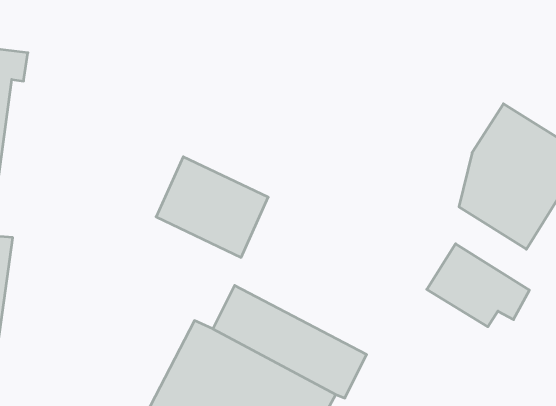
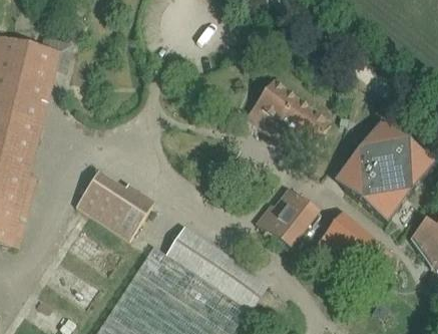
building: none -> [246,79,331,149]
building: [156,157,268,257] -> [83,172,161,245]
building: none -> [253,191,327,253]

